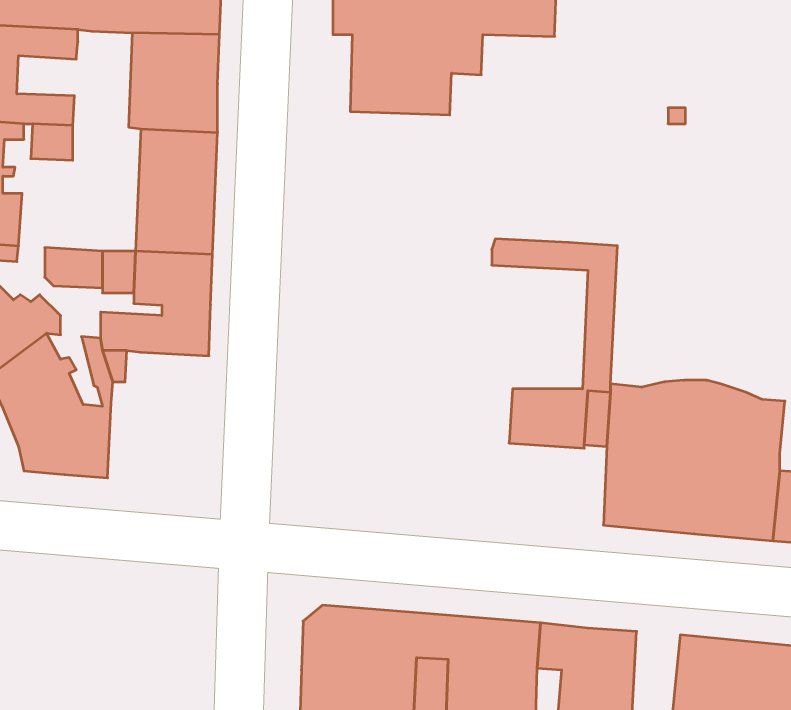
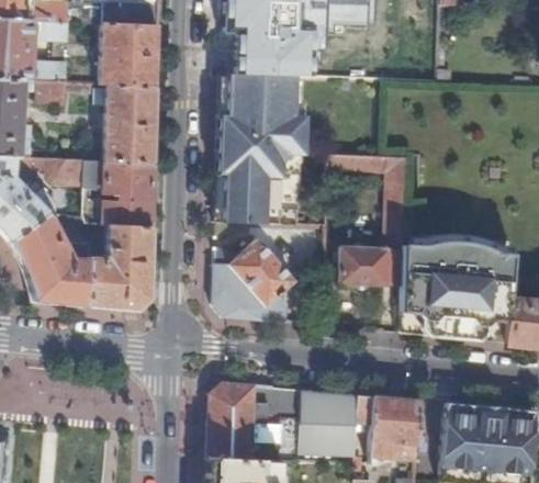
building: none -> [216,71,308,225]
building: none -> [87,224,150,308]
building: none -> [213,238,294,322]

